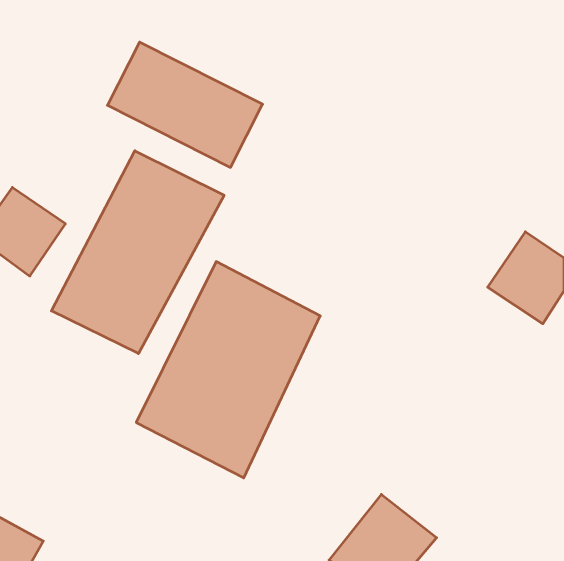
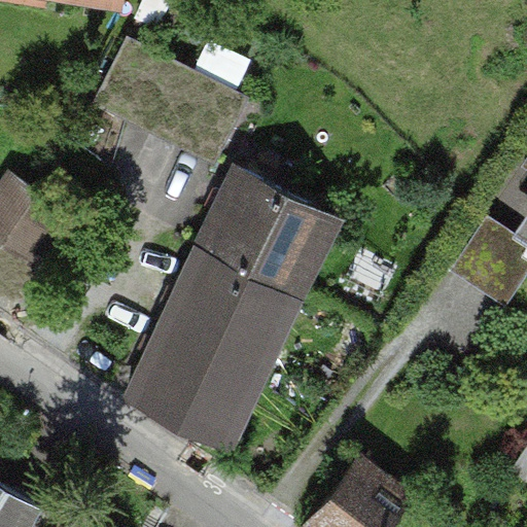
building: [51,151,224,354] -> none
building: none -> [201,171,335,298]

